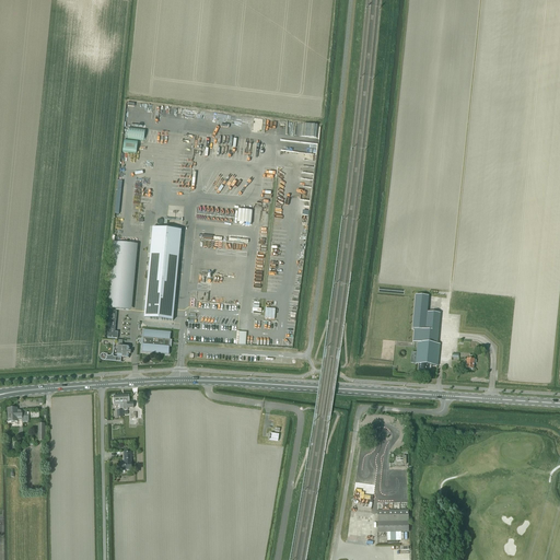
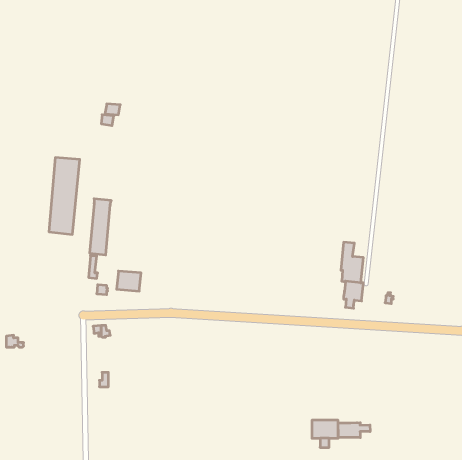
building: [144,226,182,319] -> [49,158,80,234]
building: none -> [338,423,370,438]

